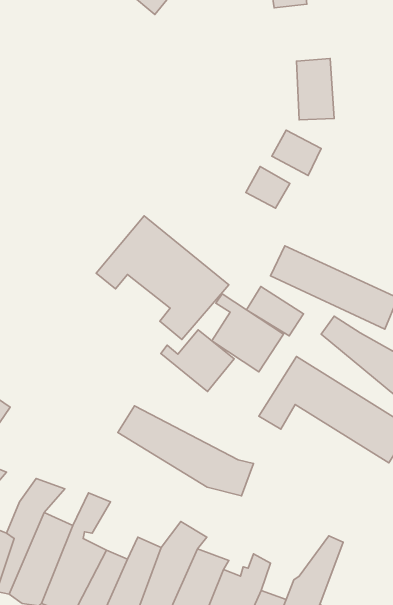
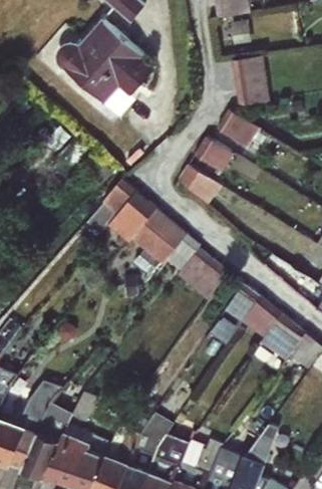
building: none -> [44,19,156,112]
building: [246,286,304,336] -> [178,165,222,203]
building: [161,330,234,391] -> none
building: [118,406,254,496] -> none

